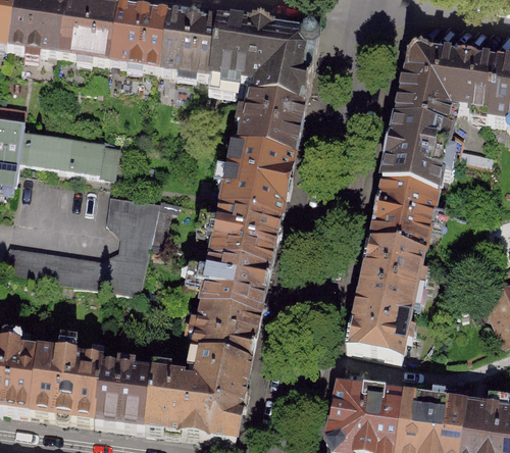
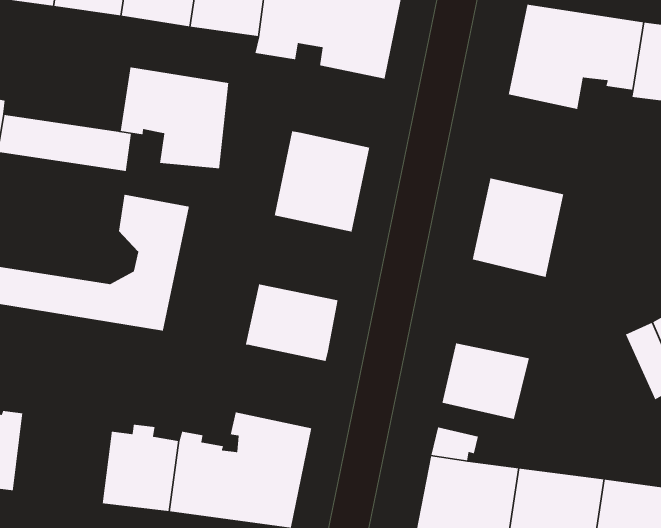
building: [241,92,304,153] -> none
building: none -> [120,67,229,169]
building: [381,114,450,188] -> none
building: [210,204,279,266] -> none
building: [356,237,423,309] -> none
building: [193,300,260,361] -> none
building: [29,346,102,417] -> none

